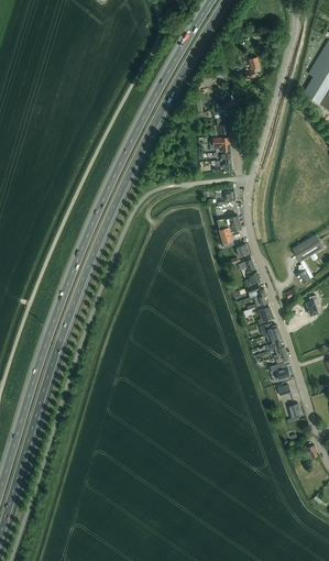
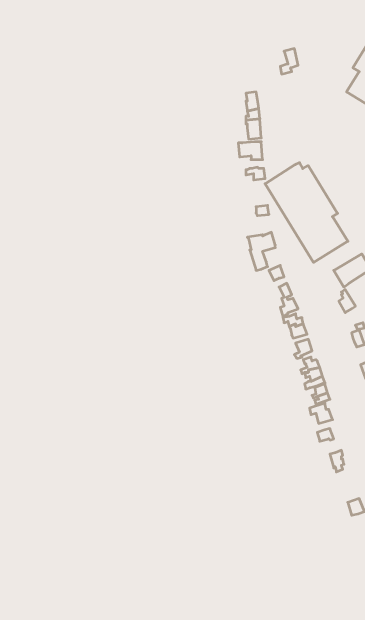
building: none -> [265,163,348,262]

